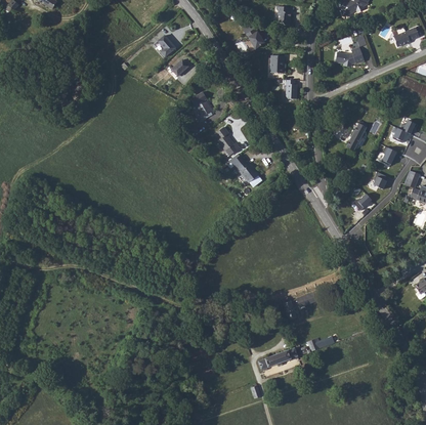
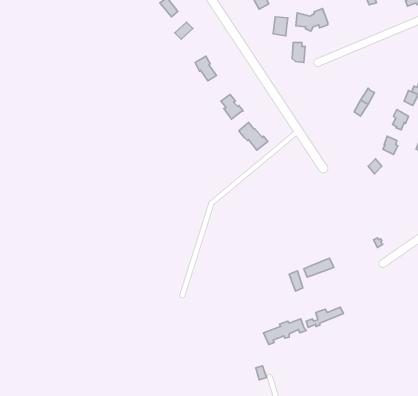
building: [335,46,366,68] -> [296,9,328,31]

